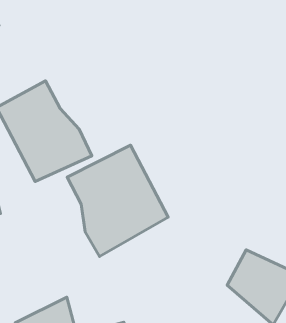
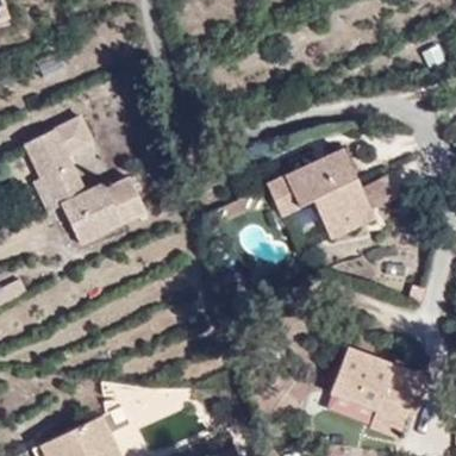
building: none -> [260,144,382,250]
building: [67,145,168,257] -> none

